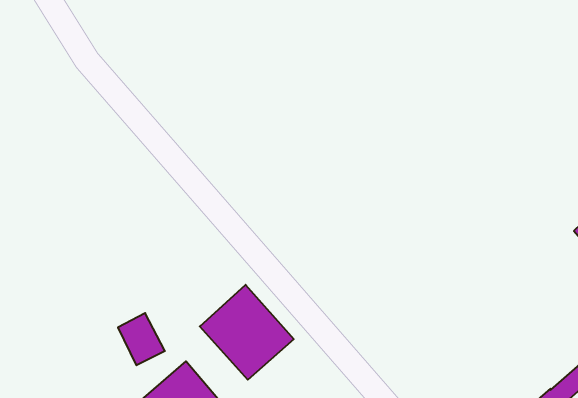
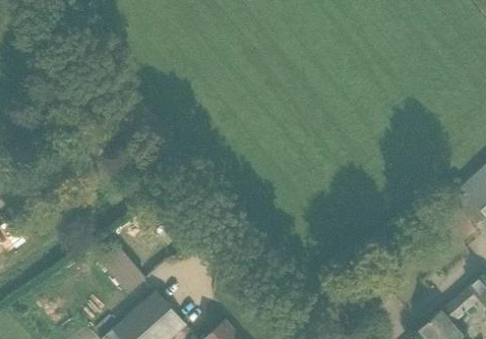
building: [200,285,294,380] -> none

